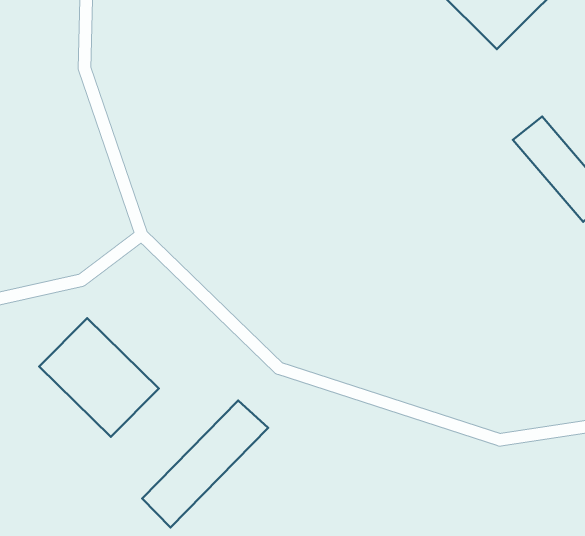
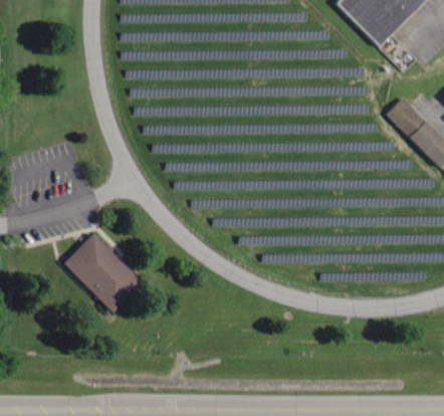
building: [142,401,268,527] -> none

